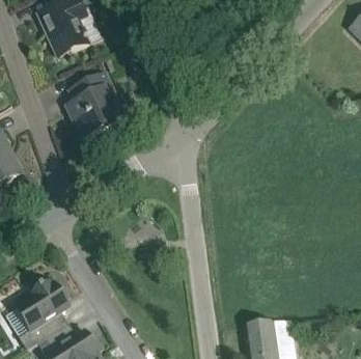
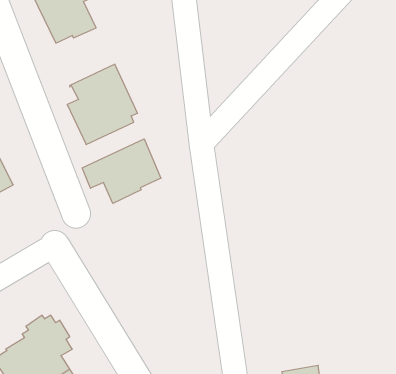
building: none -> [82,139,161,203]

